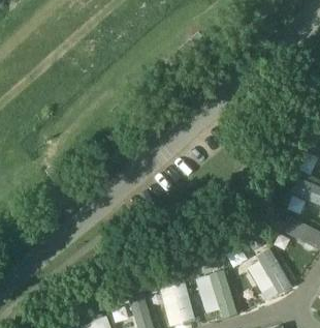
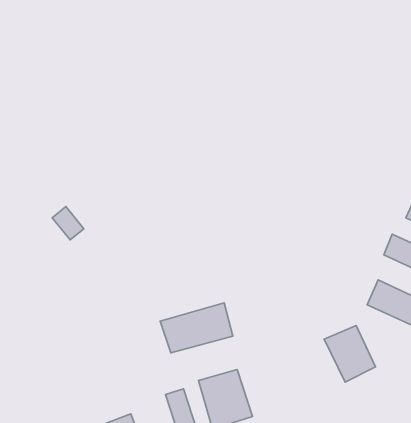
building: none -> [160,303,233,353]
building: [201,276,235,315] -> none

